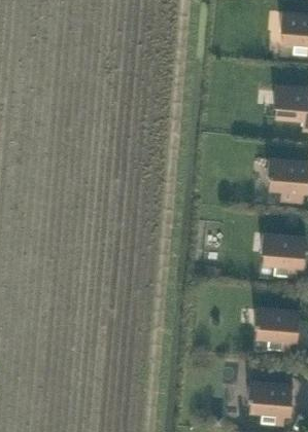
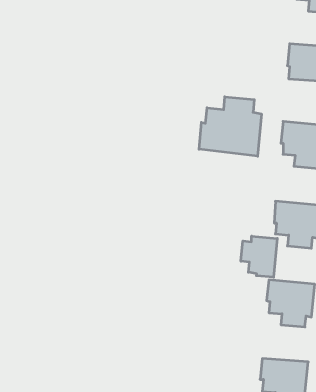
building: none -> [199,97,261,156]
building: none -> [241,236,277,277]

